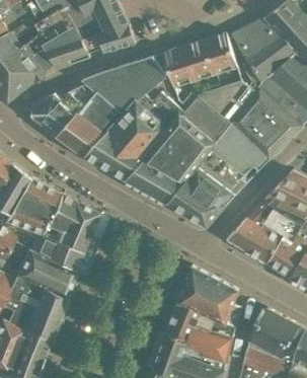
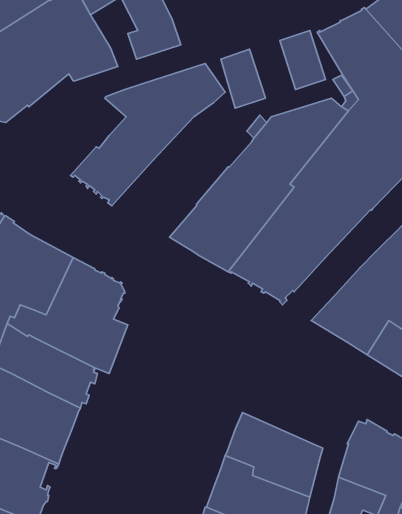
building: [182,41,215,81] -> none
building: [31,81,95,136] -> none
building: [85,93,183,179] -> none
building: [177,266,240,328] -> none

